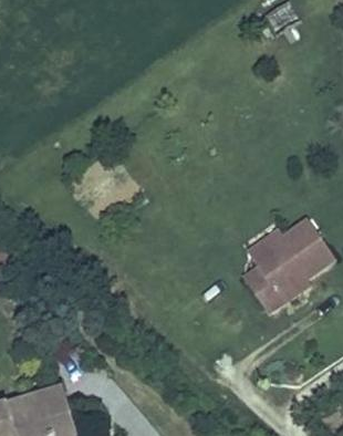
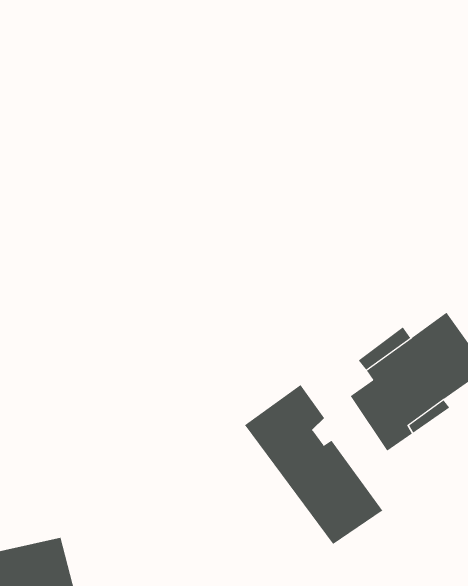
building: none -> [244,384,383,545]

